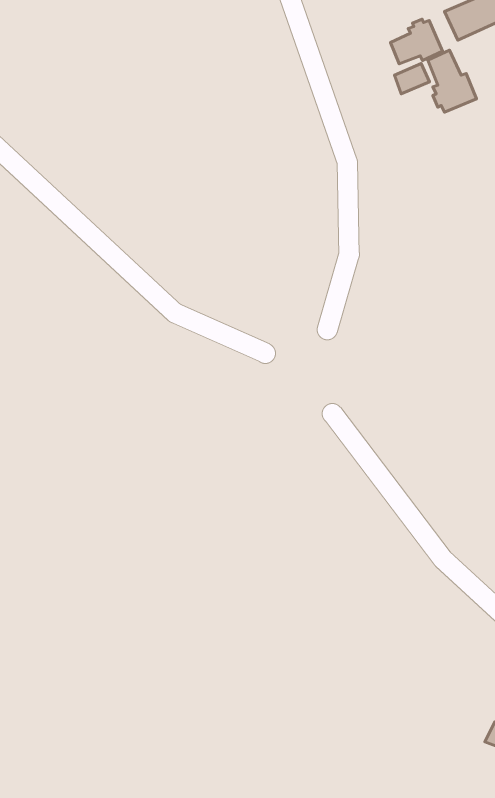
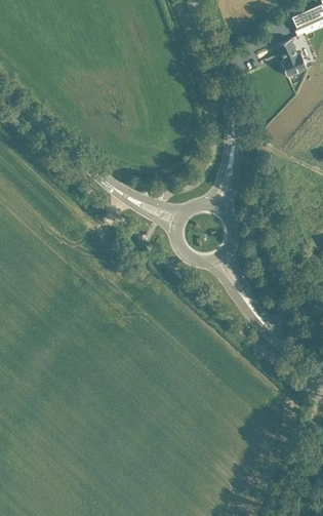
building: [391,19,443,64] -> none

